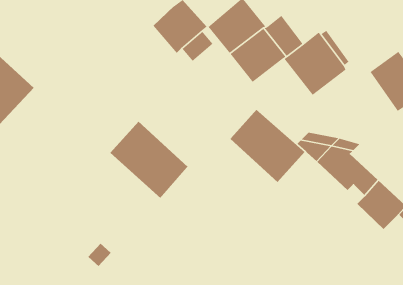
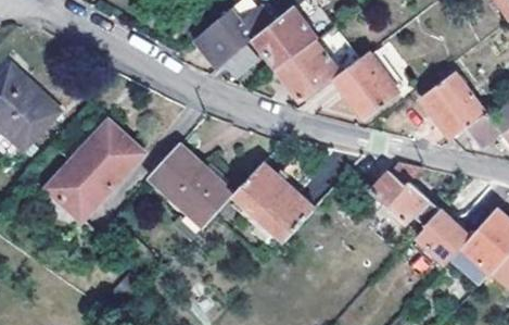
building: none -> [48,121,143,225]
building: [229,109,305,183] -> [230,162,313,242]

